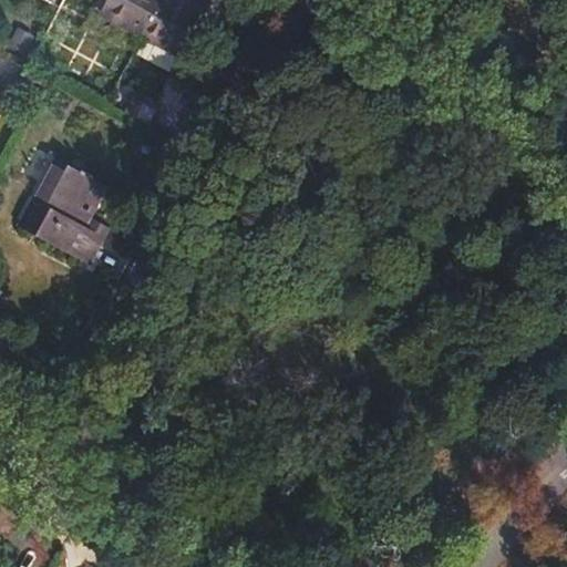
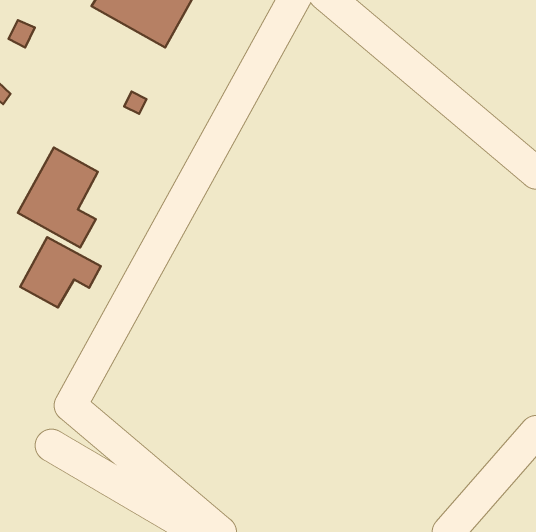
building: none -> [20,237,101,308]

